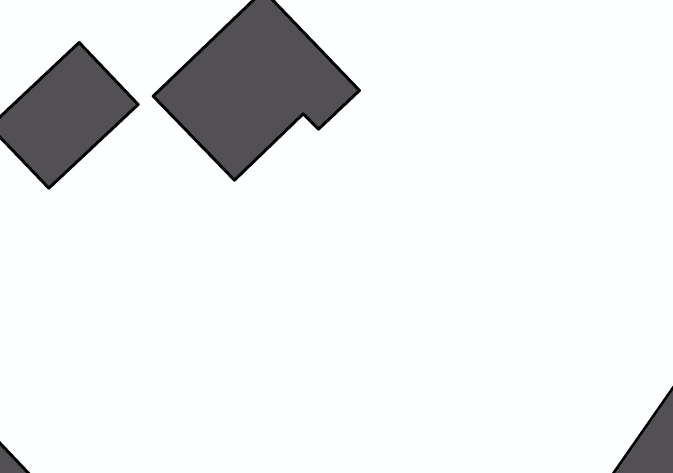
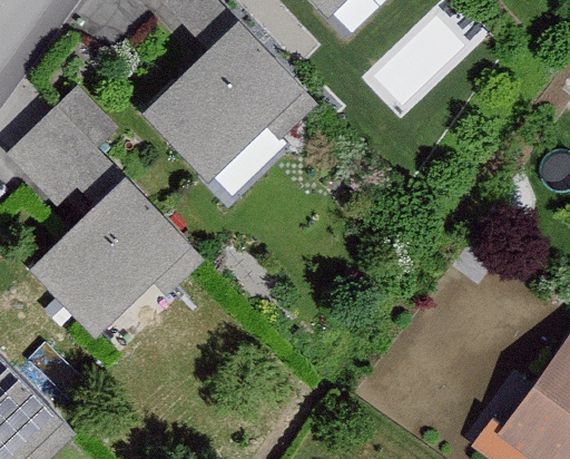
building: none -> [29,186,196,340]

